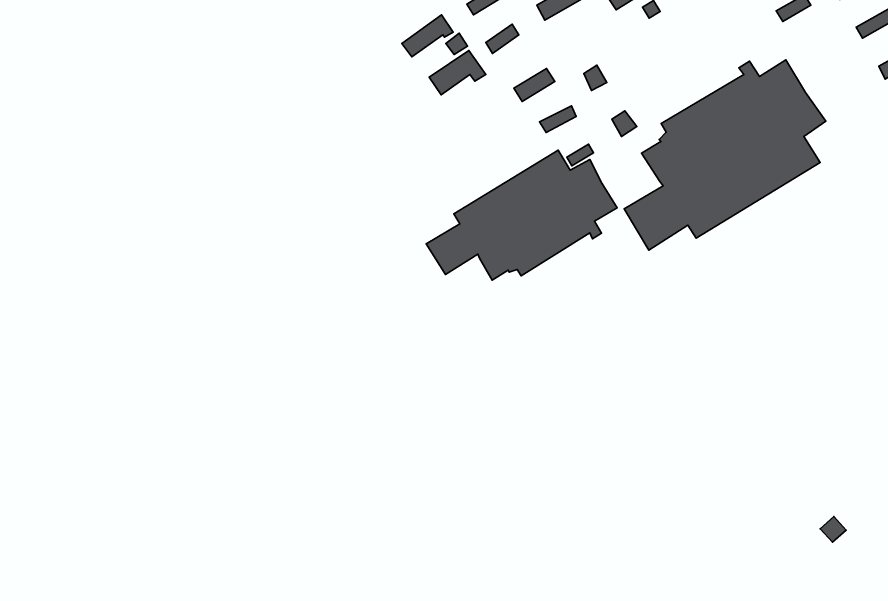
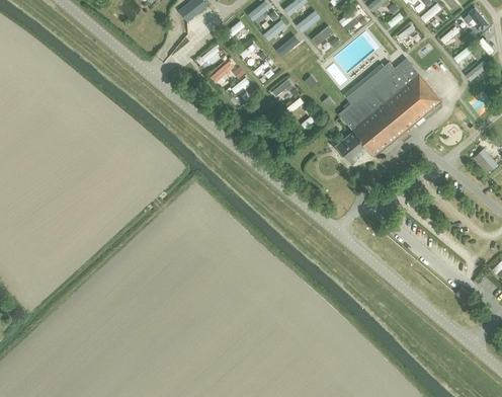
building: [426,150,617,280] -> none

